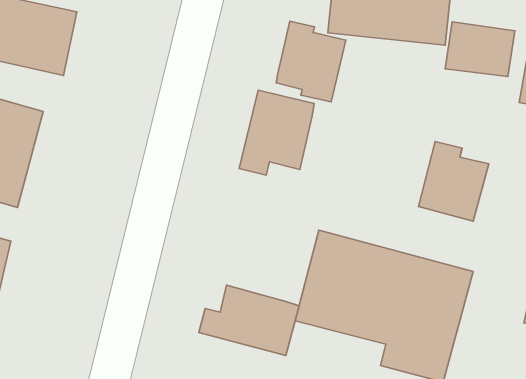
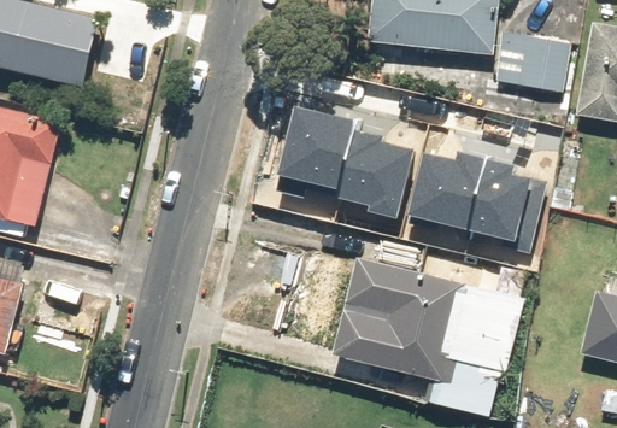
building: [276,21,346,102] -> [336,131,411,218]
building: none -> [405,151,483,229]
building: [199,285,299,355] -> none

